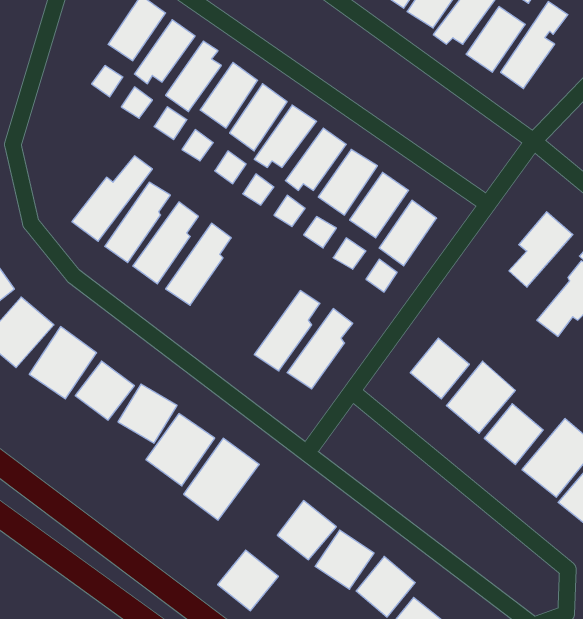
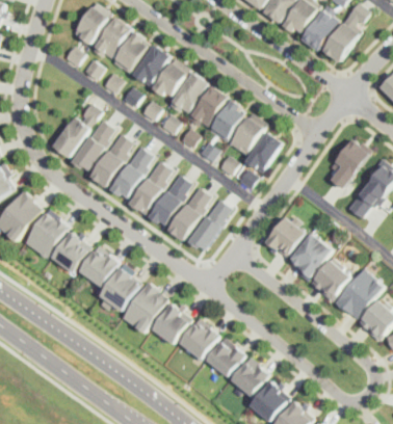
building: none -> [129,162,171,213]
building: none -> [149,176,190,228]
building: [218,550,278,611] -> [154,304,192,343]

